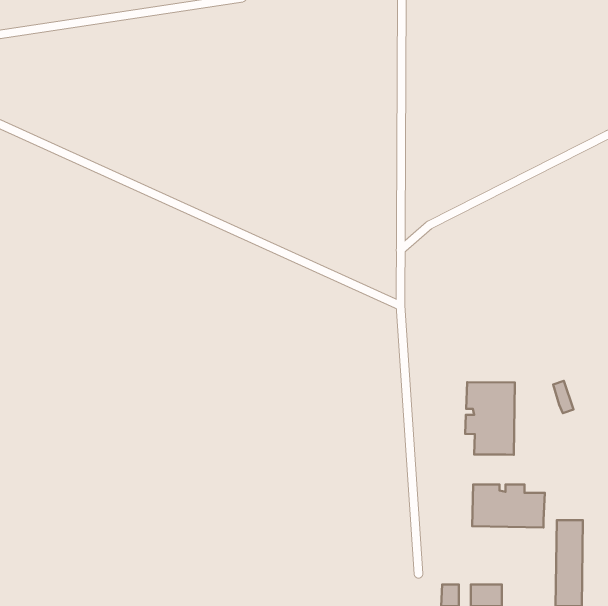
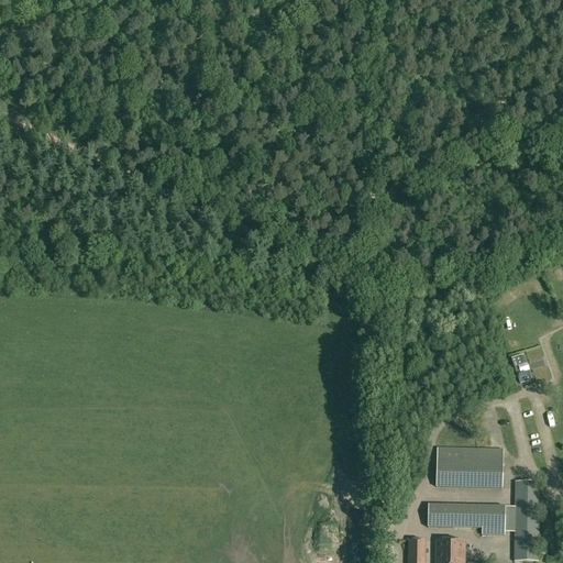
building: [465,382,515,455] -> none
building: none -> [427,503,504,534]

